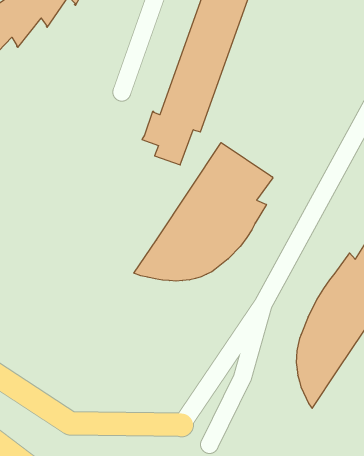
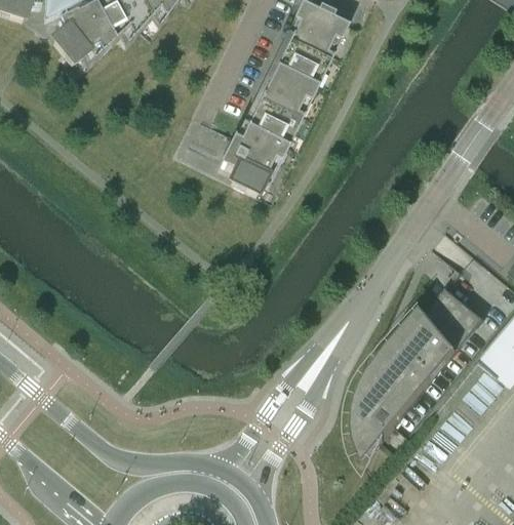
building: [134,143,273,281] -> none

